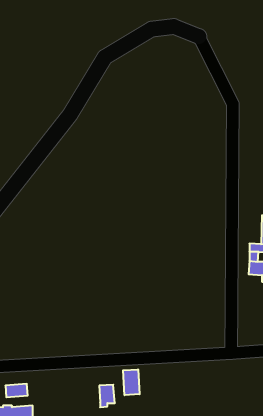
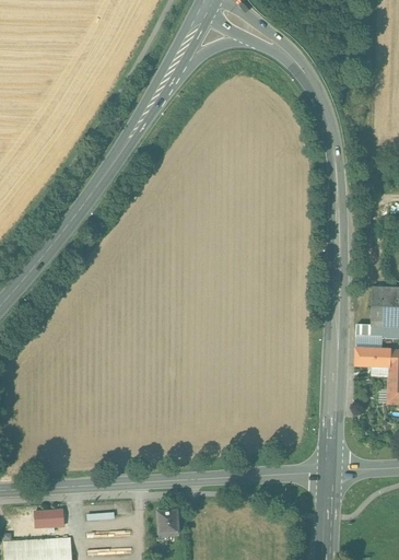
building: [123,369,140,395] -> none

